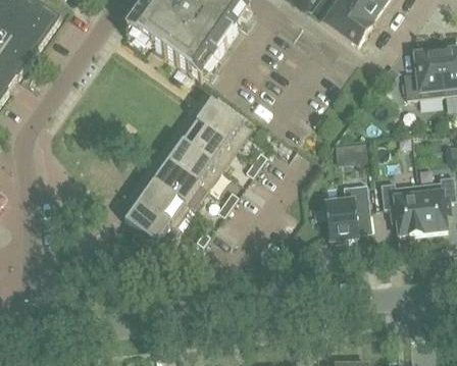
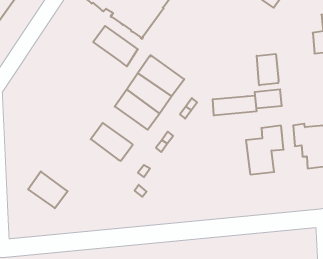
building: none -> [257,54,278,85]
building: none -> [213,95,256,116]
building: [155,161,208,209] -> [93,26,138,66]
building: [125,200,172,244] -> [28,171,68,208]

